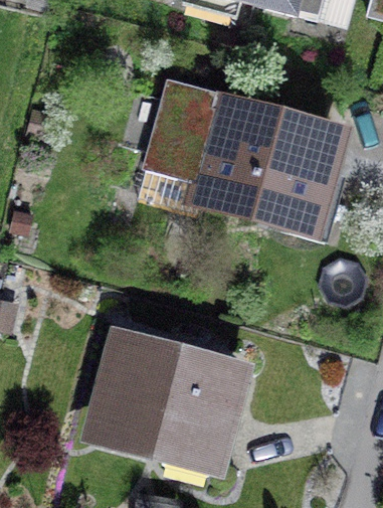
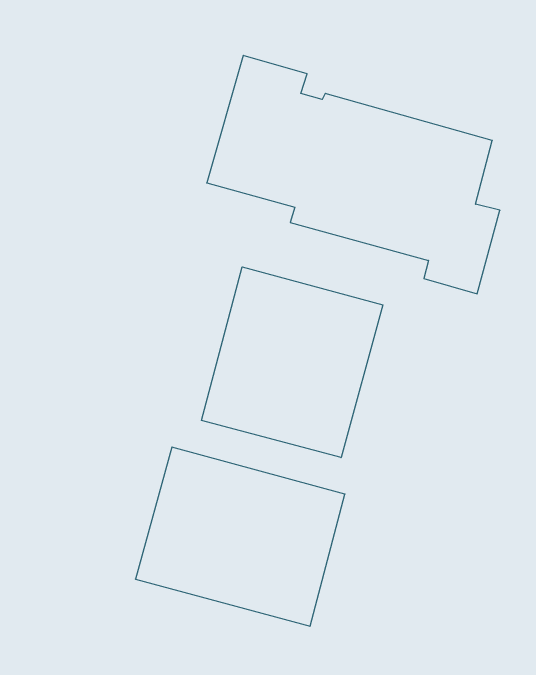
building: none -> [202,267,383,458]

